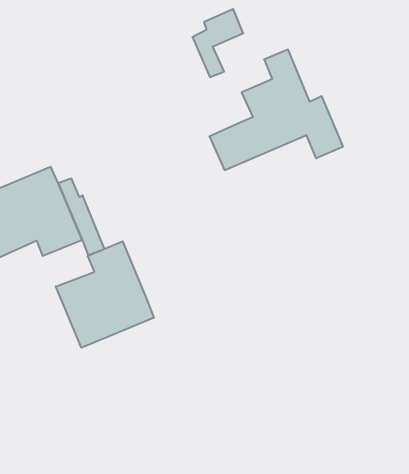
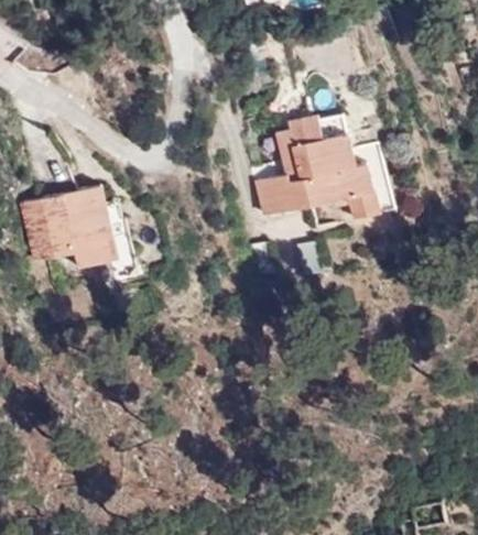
building: [192,9,243,77] -> [274,113,323,174]
building: [56,241,154,348] -> none

